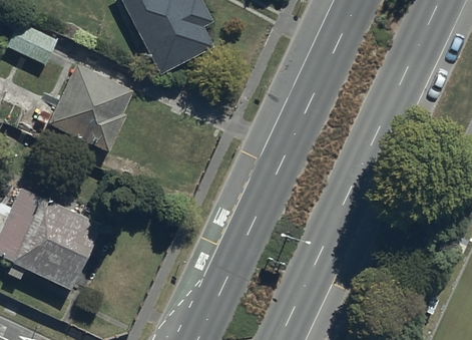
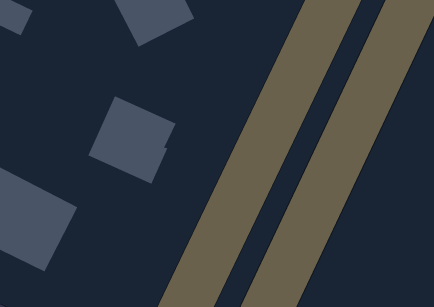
building: [48,64,134,150] -> [87,96,177,185]

